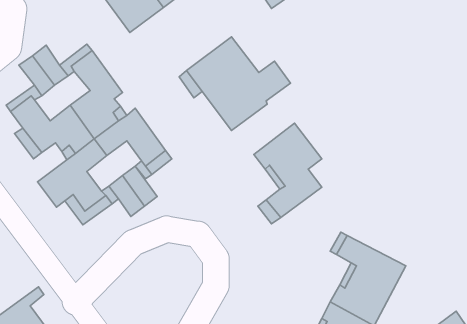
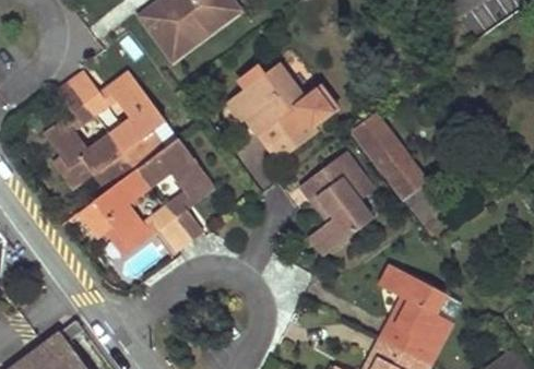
building: none -> [353,116,444,225]

